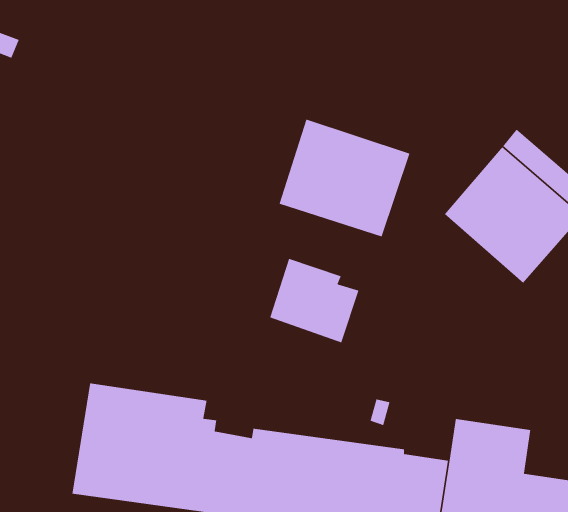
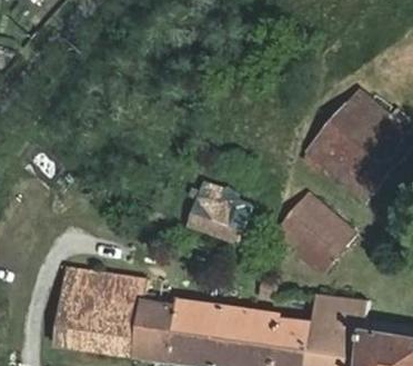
building: [279,118,410,238] -> none
building: none -> [273,194,355,274]

